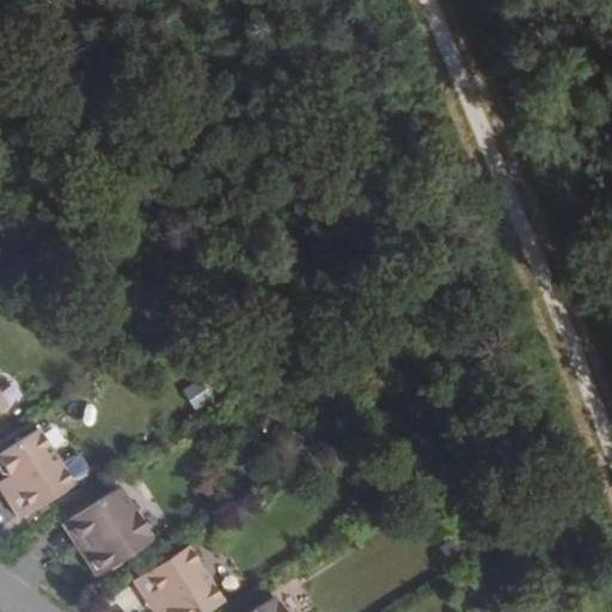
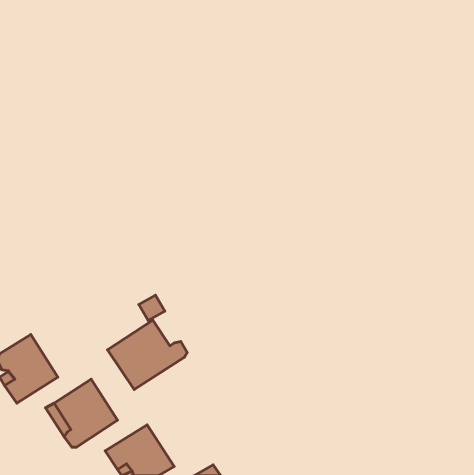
building: none -> [107,320,187,390]

